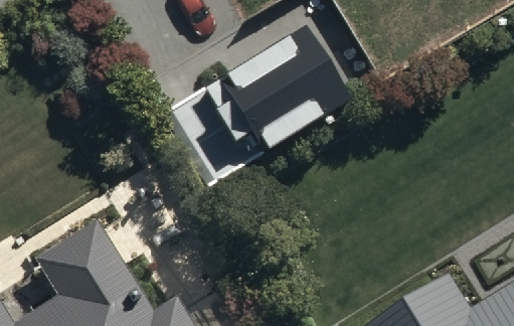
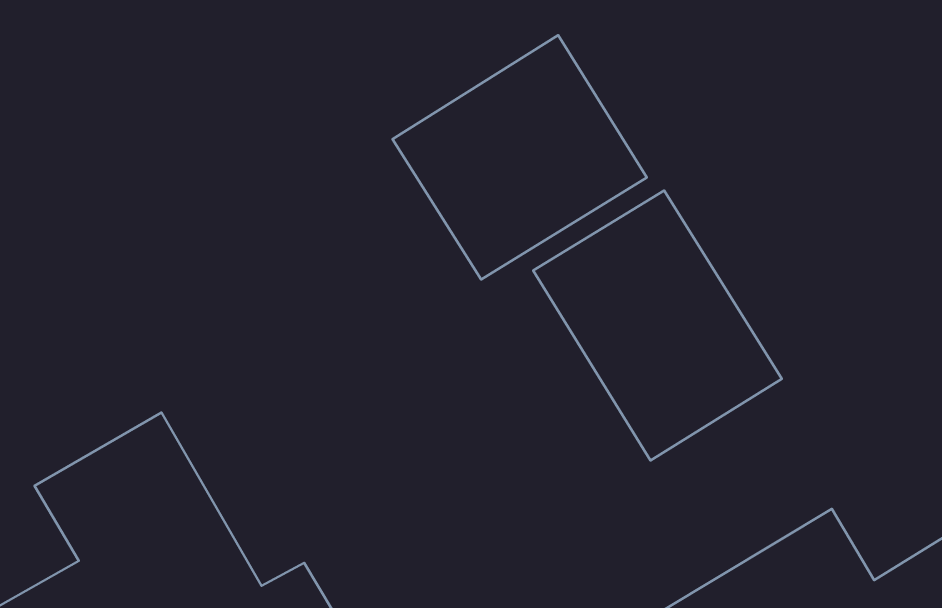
building: none -> [533,190,782,461]

